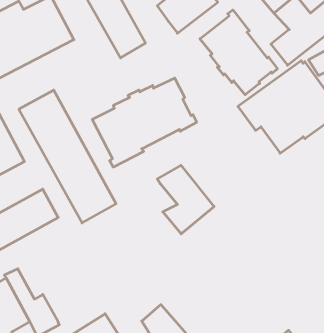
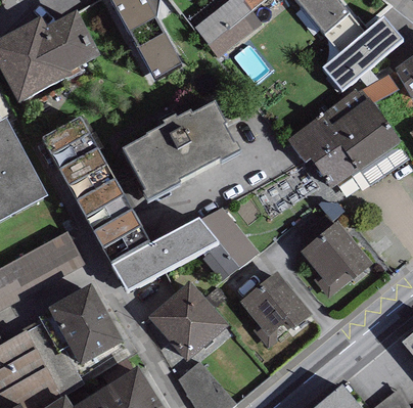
building: [200,10,277,95] -> none
building: none -> [301,219,372,293]
building: none -> [111,222,218,292]
building: none -> [240,270,312,333]
building: none -> [148,280,228,360]
building: none -> [38,285,128,376]

